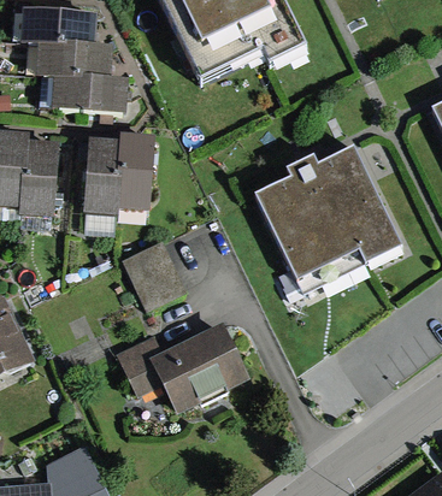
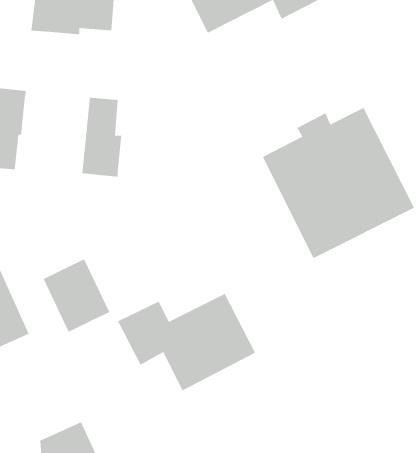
building: [51,73,130,113] -> none
building: [116,132,154,212] -> none
building: [20,140,59,217] -> none
building: [123,242,187,312] -> [43,259,110,332]

